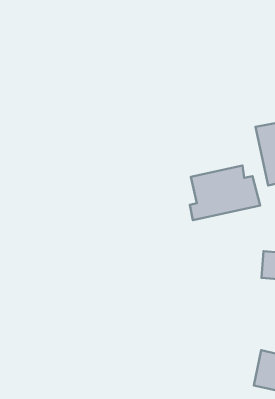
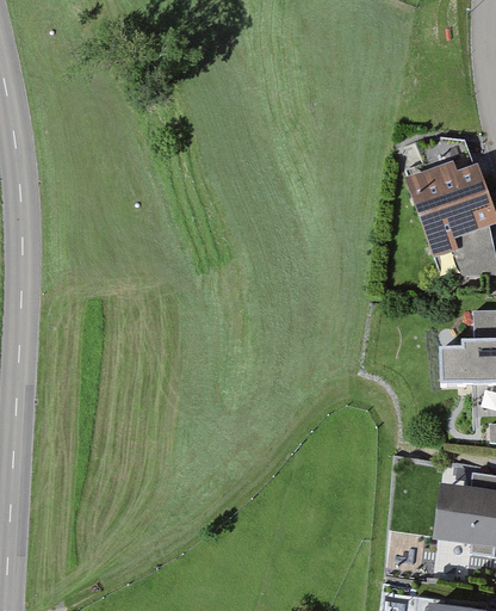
building: [190,165,260,220] -> none

